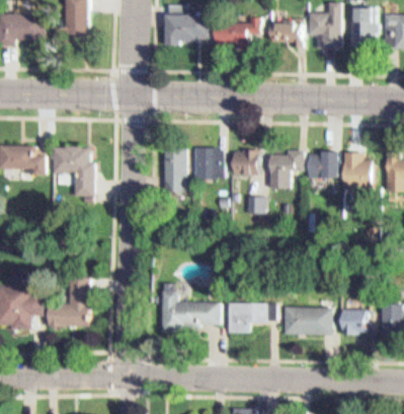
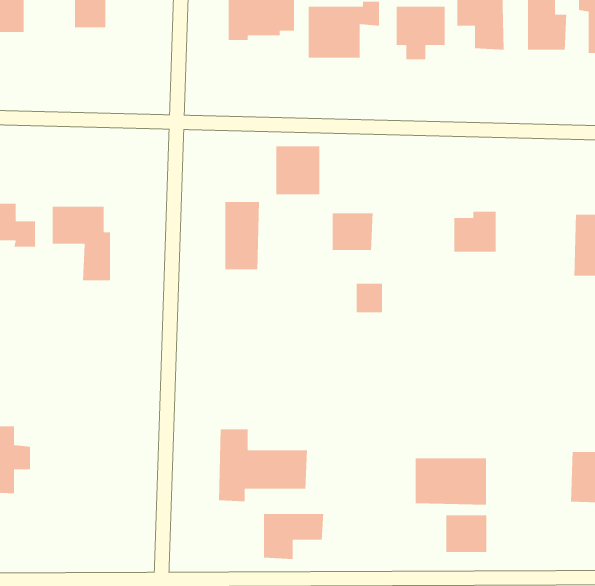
building: [192,147,221,179] -> [275,145,320,195]
building: [267,149,302,189] -> none
building: [343,152,371,191] -> none
building: [49,278,87,326] -> none
building: [228,303,266,333] -> [263,513,324,560]
building: [340,308,367,333] -> [446,514,487,553]

